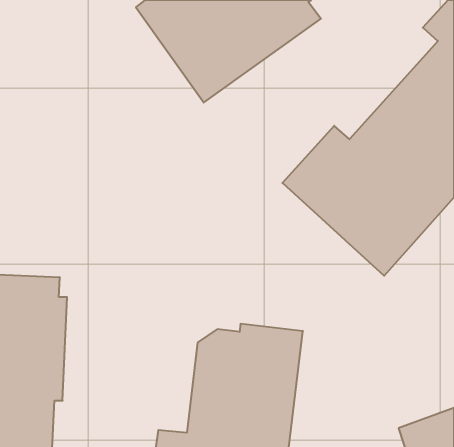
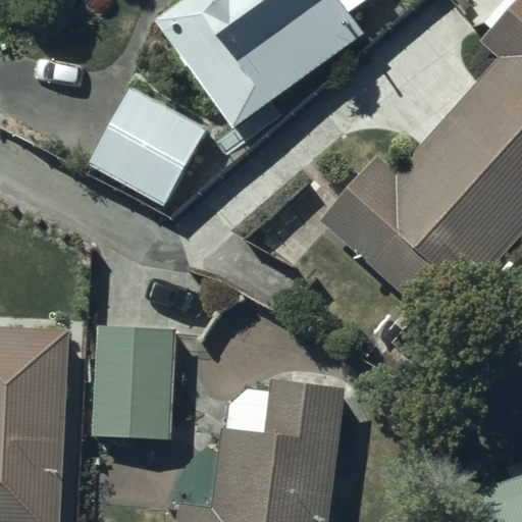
building: none -> [90,86,209,206]
building: none -> [92,324,174,439]

